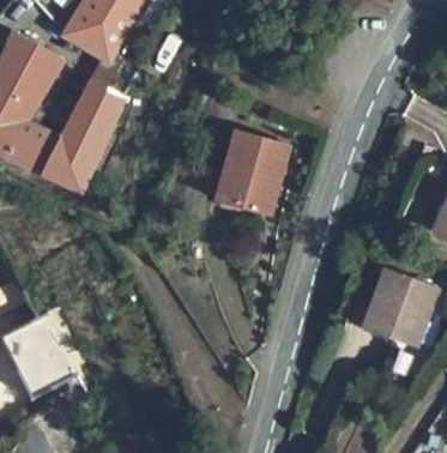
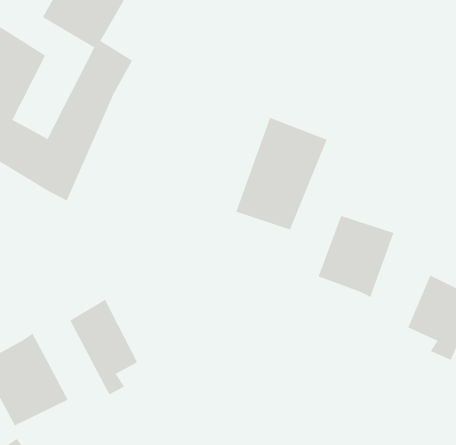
building: none -> [318,215,394,298]
building: none -> [70,299,138,395]

